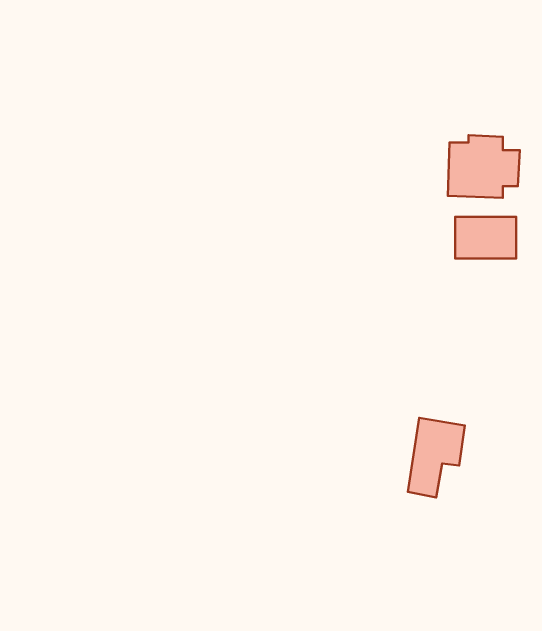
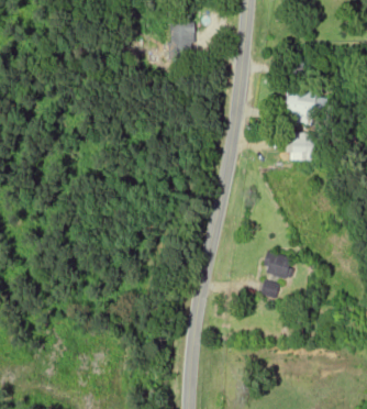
building: none -> [168,23,192,52]

